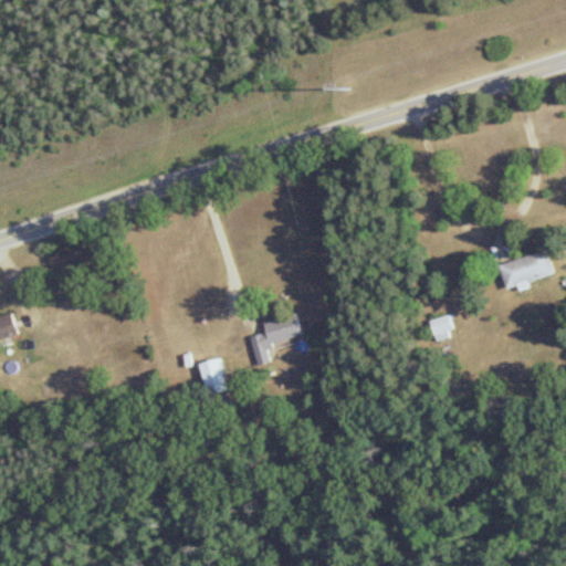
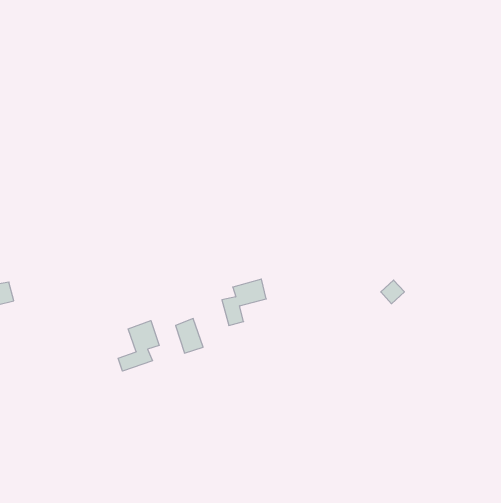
building: [496,250,553,292] -> none
building: none -> [118,321,159,371]

